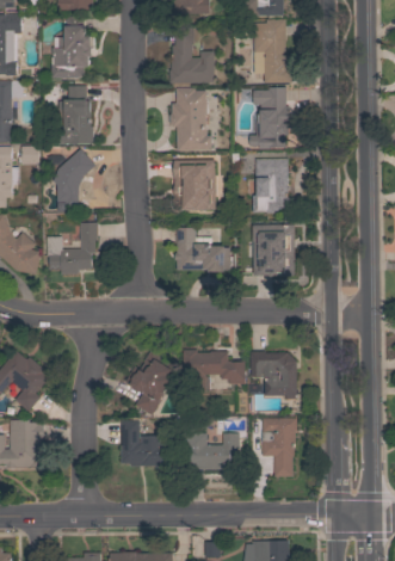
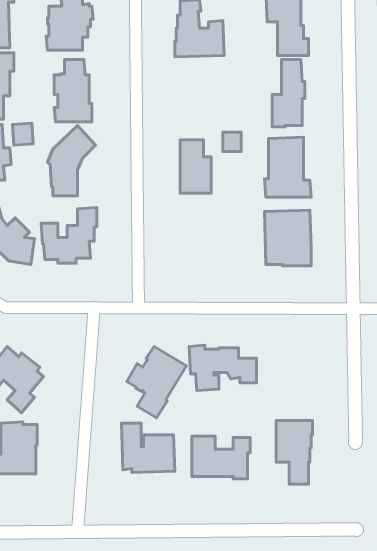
building: [169,87,212,150] -> none
building: [175,227,230,271] -> none
building: [249,351,297,399] -> none

